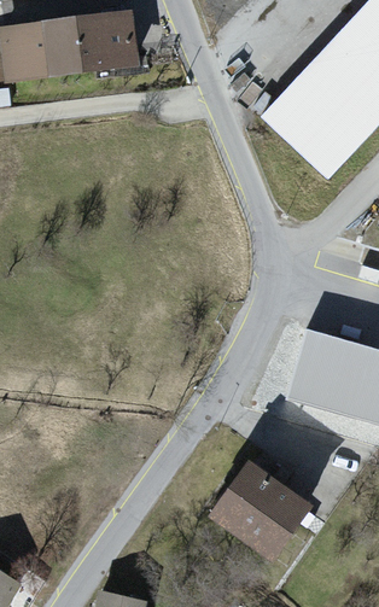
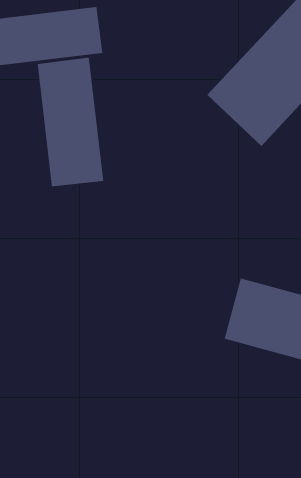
building: none -> [37,57,104,187]
building: [216,459,319,560] -> none

